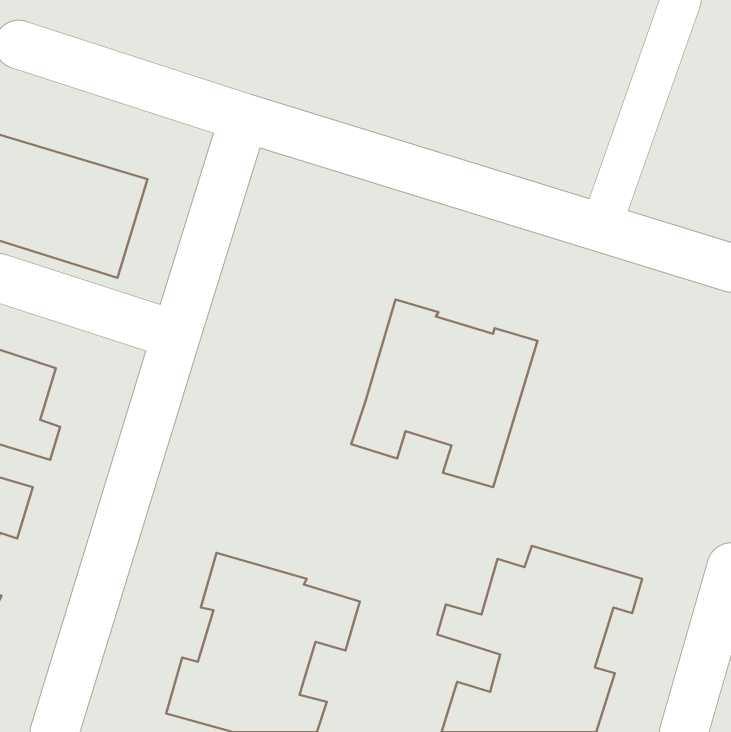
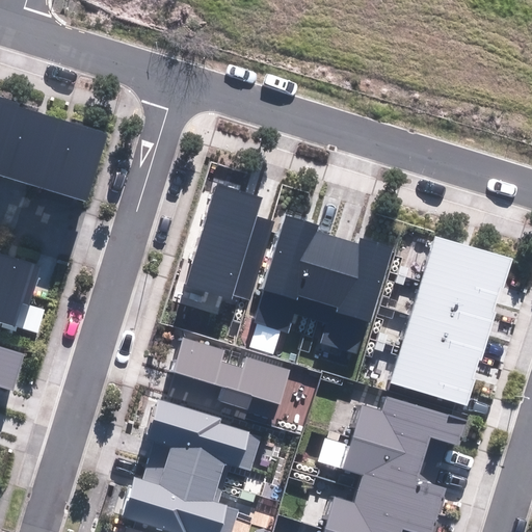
building: none -> [185,182,274,301]
building: none -> [390,236,512,406]
building: none -> [171,339,290,410]

